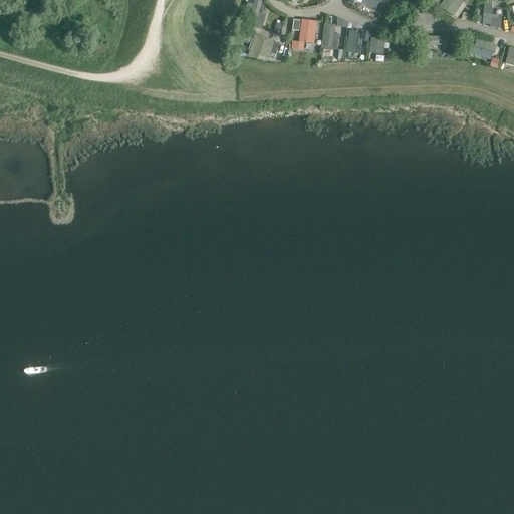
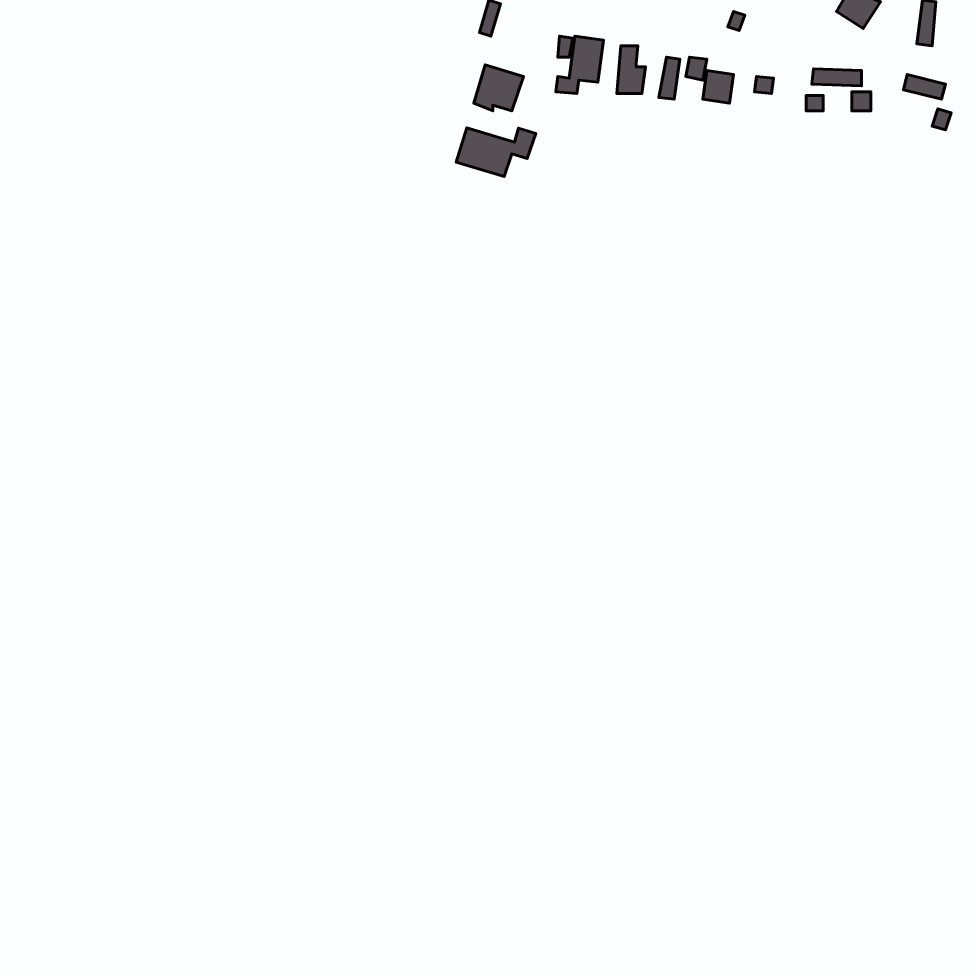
building: none -> [456,128,536,177]

